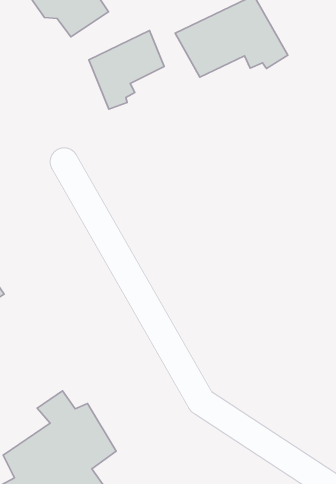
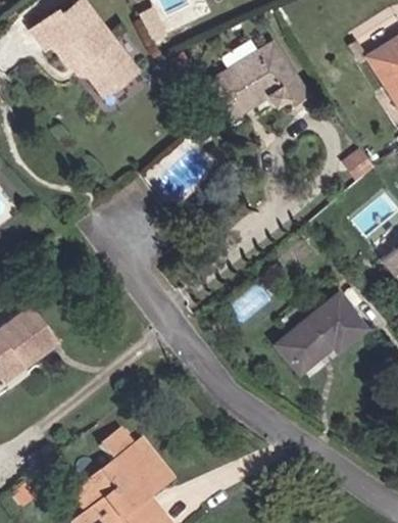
building: [89,30,164,109] -> none
building: none -> [267,291,367,376]

